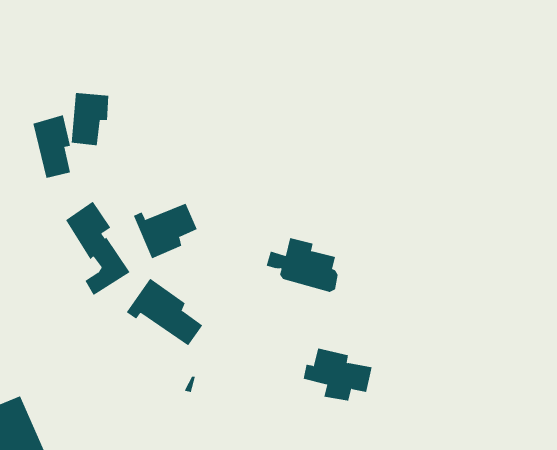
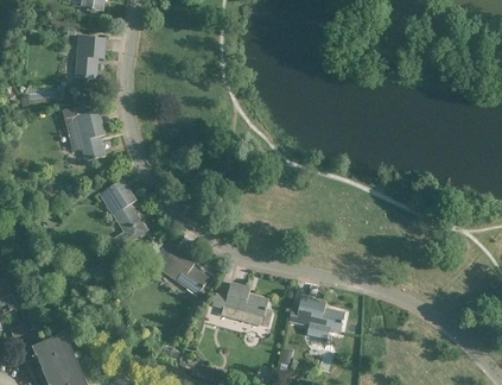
building: [71,92,109,146] -> [74,36,104,78]
building: [133,203,197,259] -> none
building: [266,238,339,293] -> [211,283,269,327]

